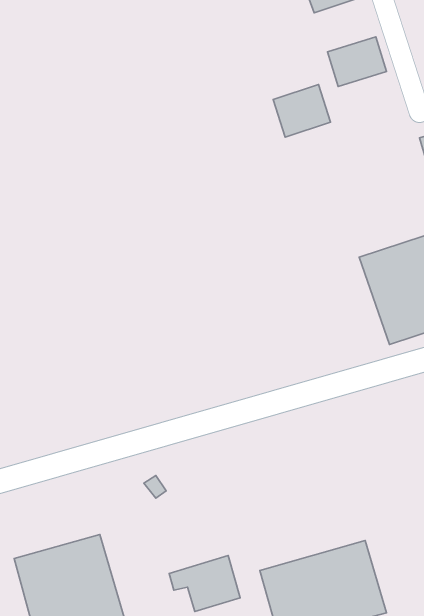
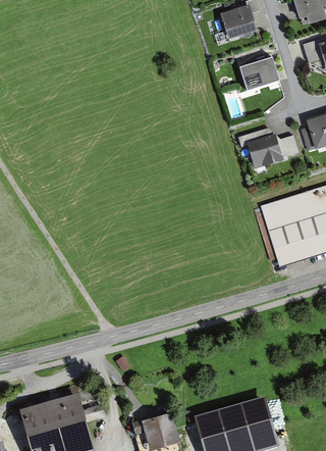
building: [273,84,330,137] -> [247,133,285,168]

